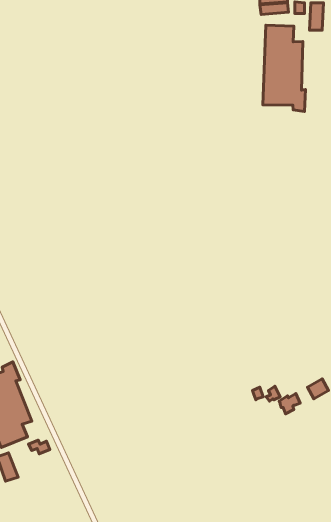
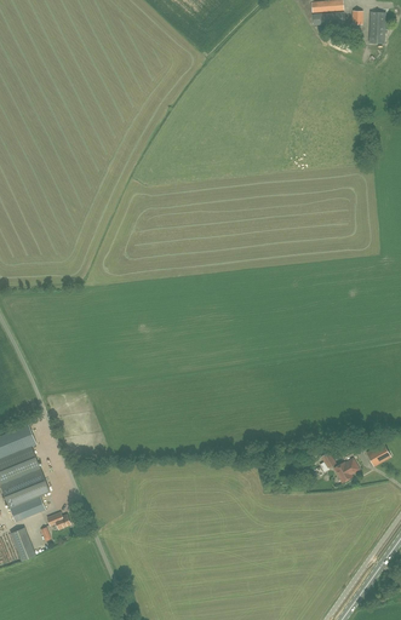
building: [263,25,306,111] -> none

